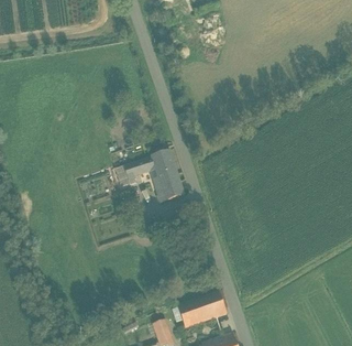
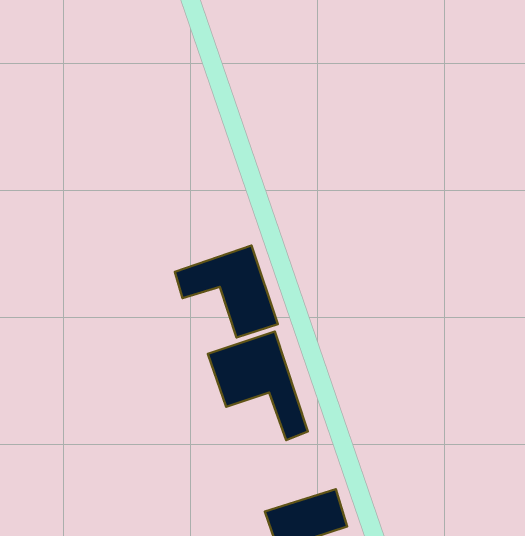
building: none -> [208,331,308,440]

